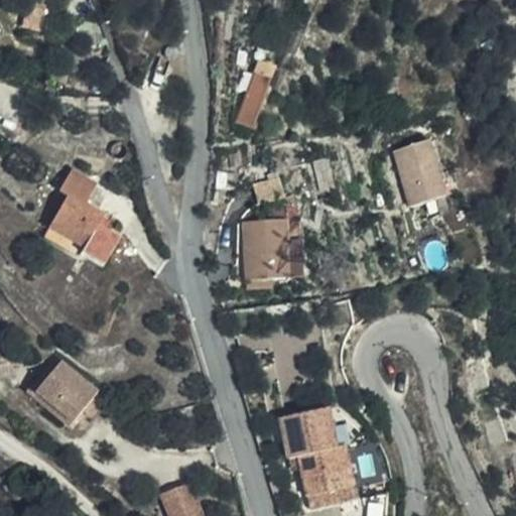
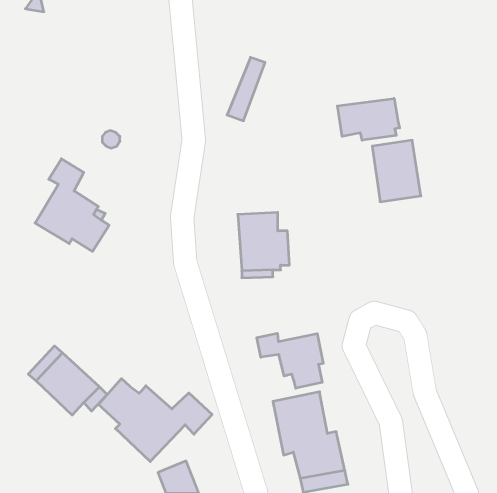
building: none -> [337,98,400,140]
building: none -> [257,333,323,388]
building: none -> [98,379,212,462]

